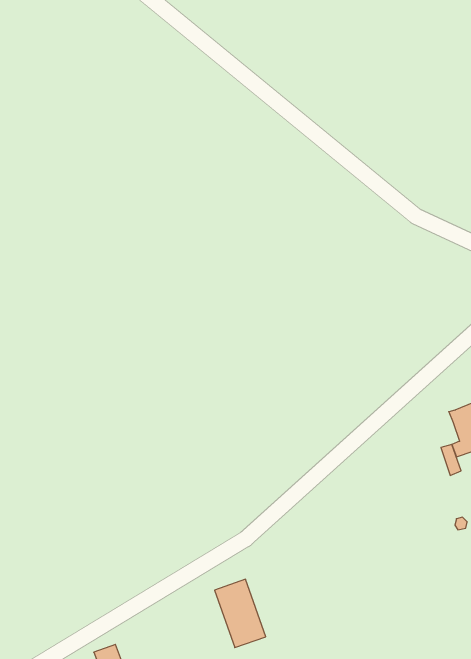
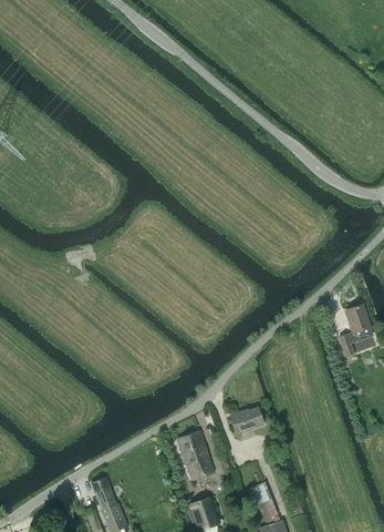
building: none -> [230,407,263,433]

